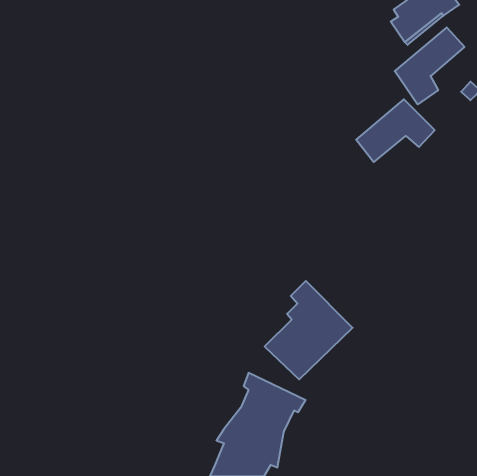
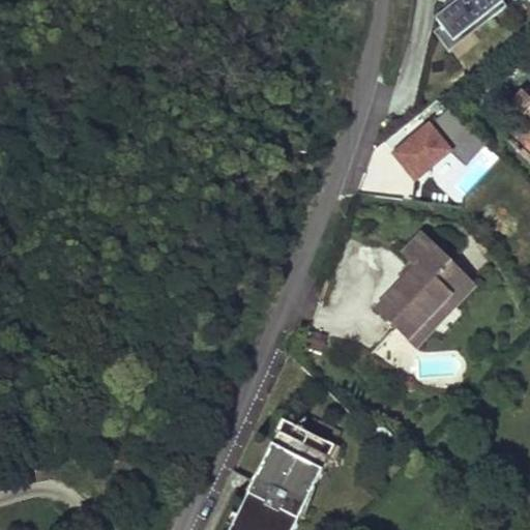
building: [395,27,464,104] -> none
building: [265,281,353,379] -> [375,235,472,344]

